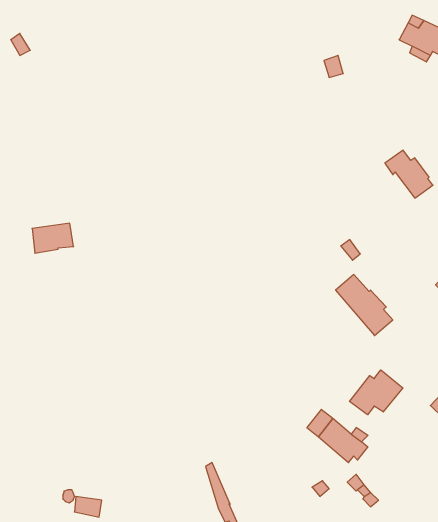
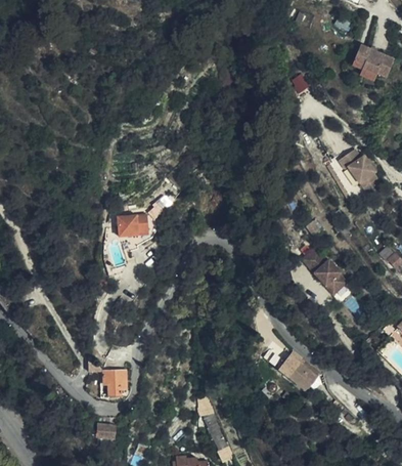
building: [32,223,74,253] -> [115,214,147,238]
building: [350,370,403,415] -> none
building: none -> [103,369,126,395]

